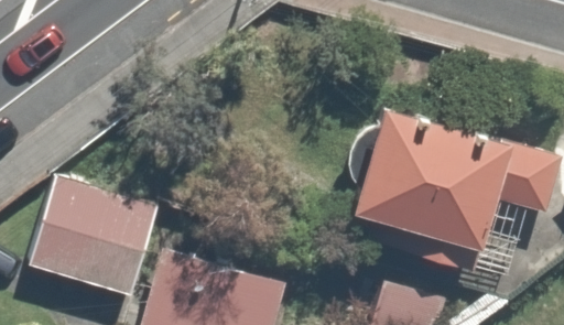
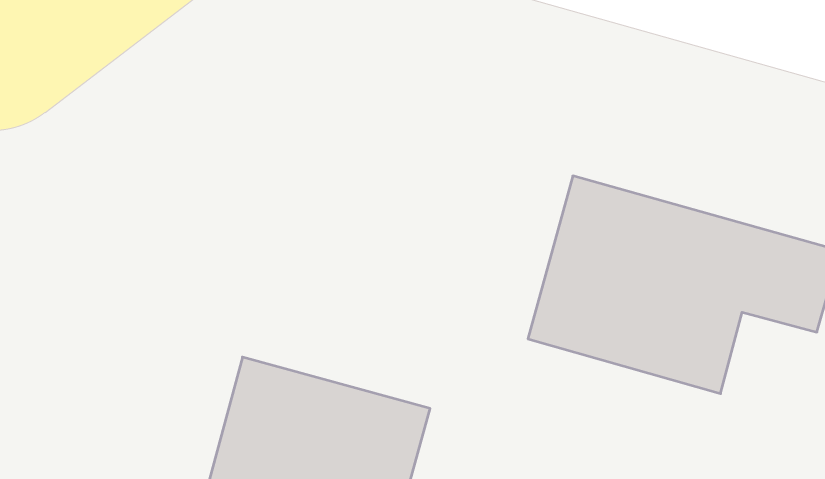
building: [19,170,163,297] -> none

